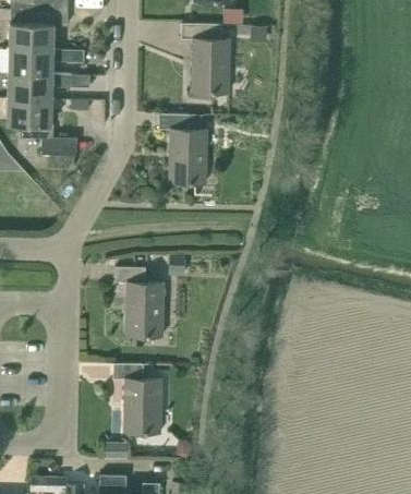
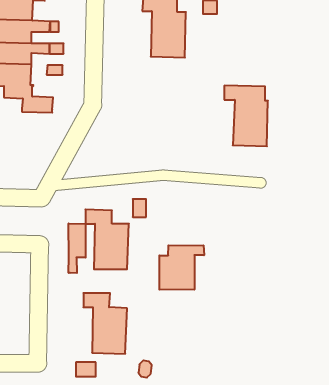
building: [157,113,207,183] -> [224,86,268,146]
building: none -> [69,223,86,273]
building: none -> [159,245,204,290]

